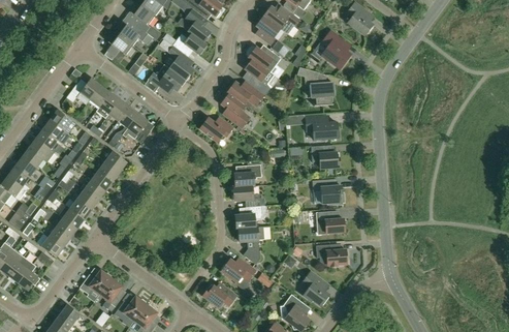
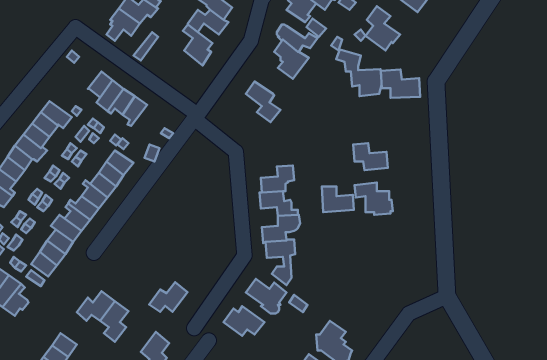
building: [149,63,185,93] -> none
building: [71,78,100,104] -> none
building: [226,81,263,105] -> none
building: [122,113,150,143] -> none
building: [305,115,338,139] -> [381,70,420,98]
building: [199,117,232,141] -> none
building: [317,211,344,233] -> [322,186,354,212]
building: [316,244,348,266] -> none
building: [301,271,328,305] -> none
building: [114,295,146,320] -> [149,282,187,312]

